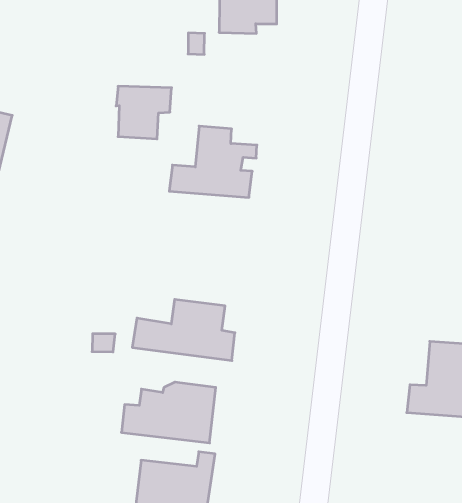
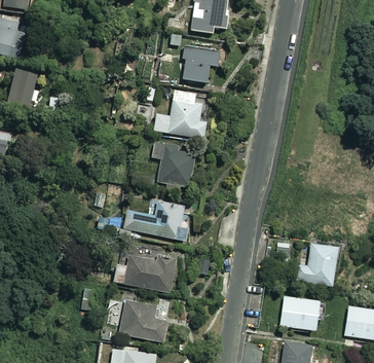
building: [116,86,172,139] -> [181,47,217,82]
building: none -> [152,142,194,188]
building: none -> [279,296,317,330]

